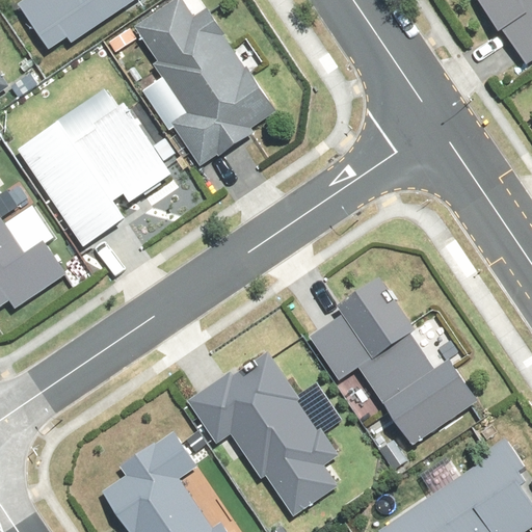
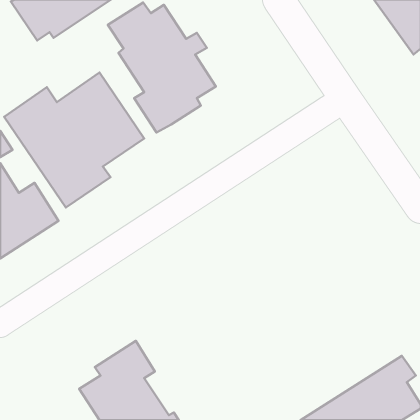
building: [308,277,475,475] -> none
building: [187,351,336,520] -> none

